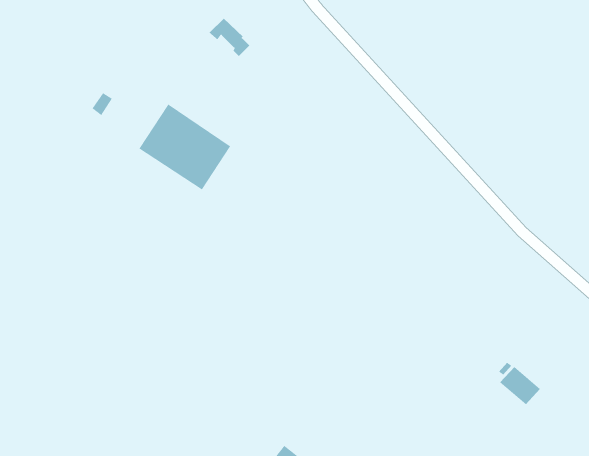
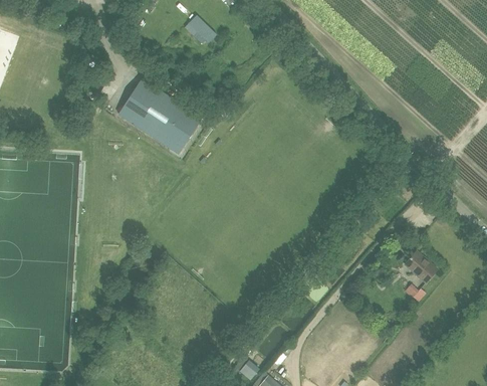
building: [499,366,541,405] -> [404,250,437,281]

